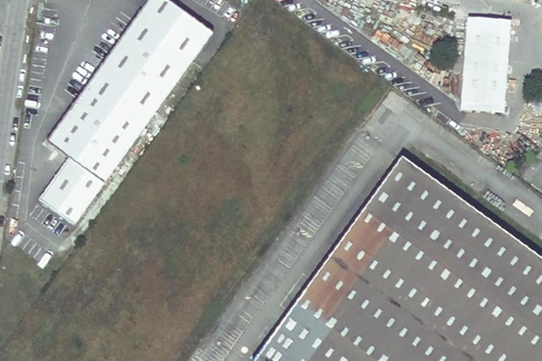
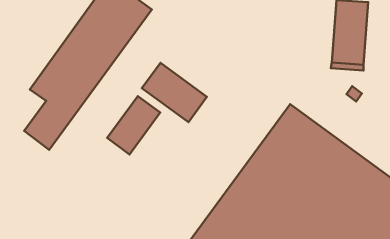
building: none -> [142,63,207,122]
building: none -> [107,96,160,154]

